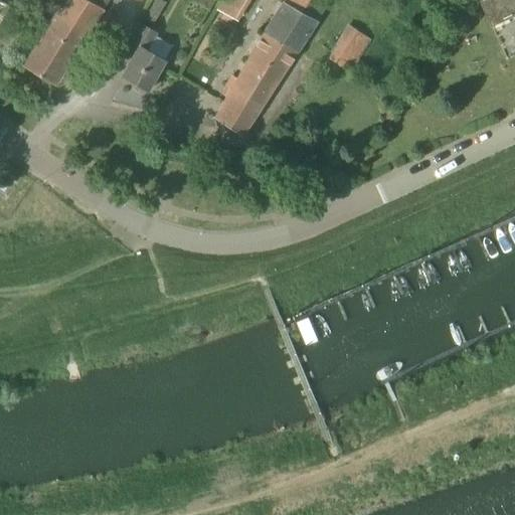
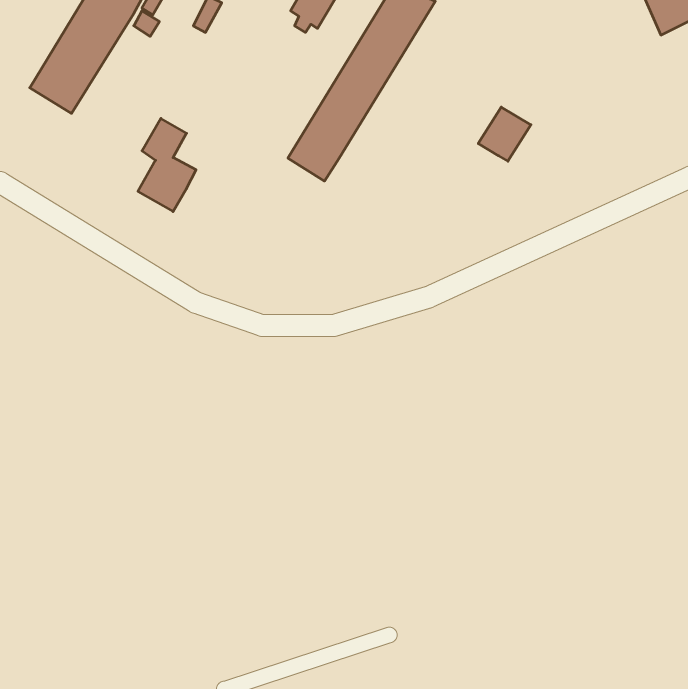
building: [123,21,166,91] -> [138,118,196,212]
building: [333,25,372,65] -> [478,107,531,161]

